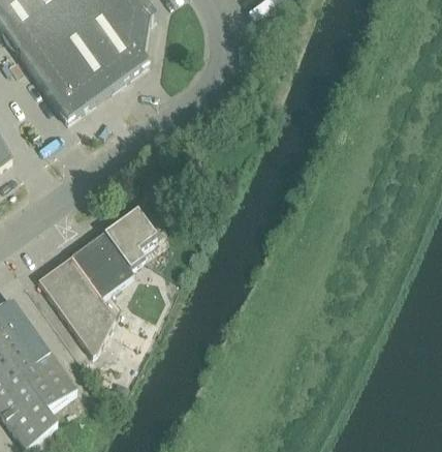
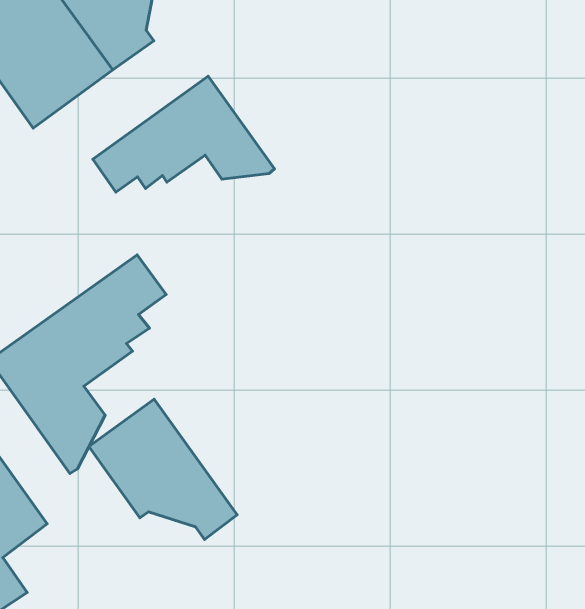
building: none -> [93,76,274,192]
building: none -> [89,399,237,539]

